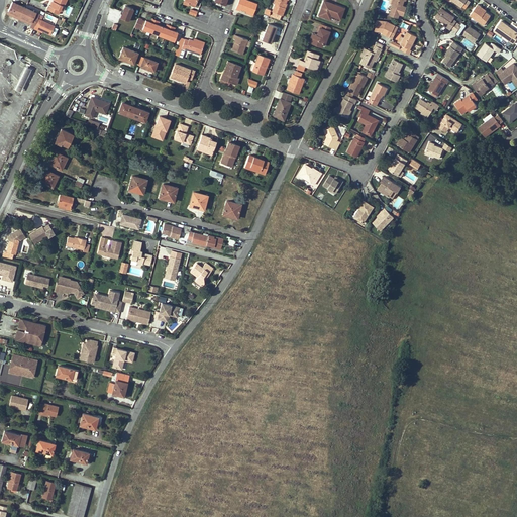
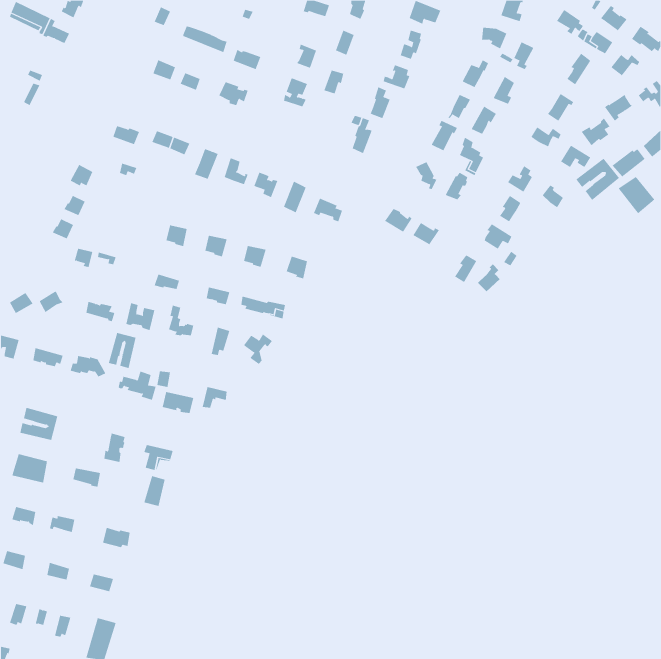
building: none -> [575,158,620,201]
building: none -> [618,176,655,214]
building: none -> [108,332,136,369]

